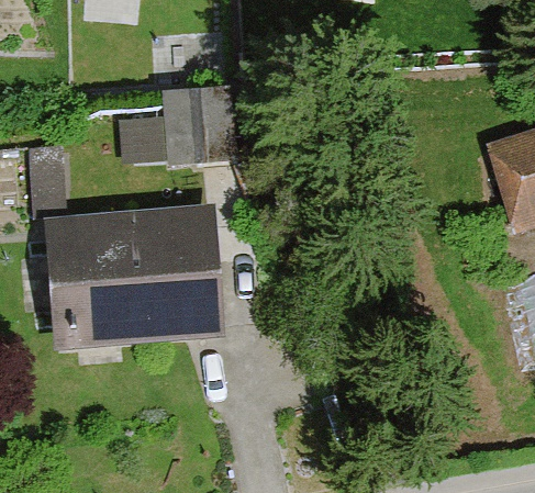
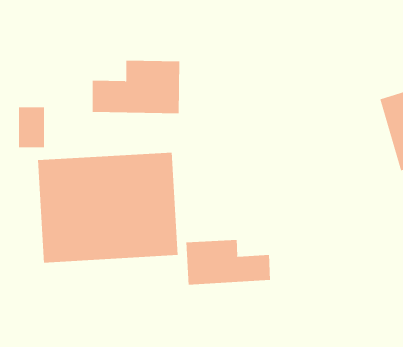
building: none -> [186,239,271,285]

